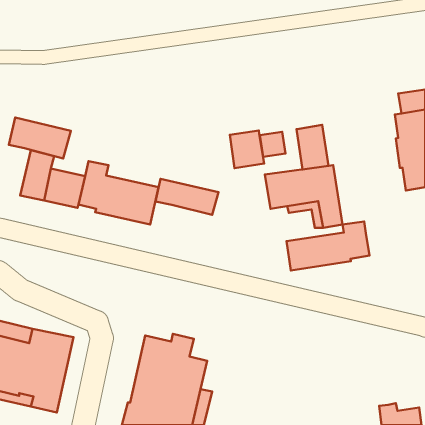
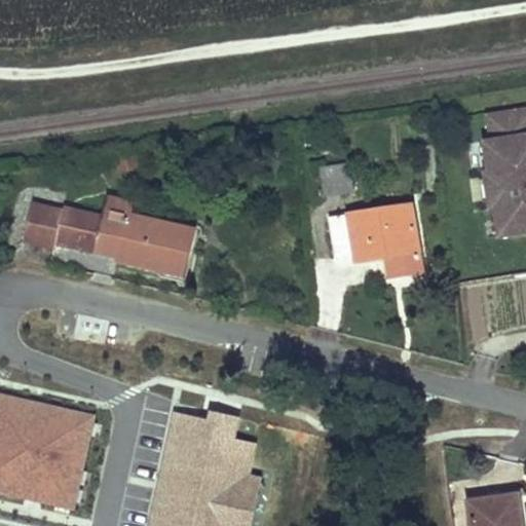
building: [9,117,71,159] -> none
building: [296,125,328,169] -> none
building: [230,130,264,168] -> none
building: [156,179,218,215] -> none
building: [286,222,370,271] -> none

